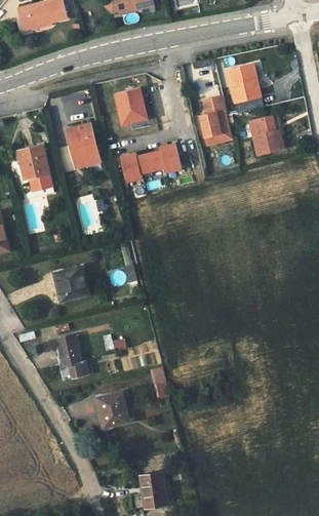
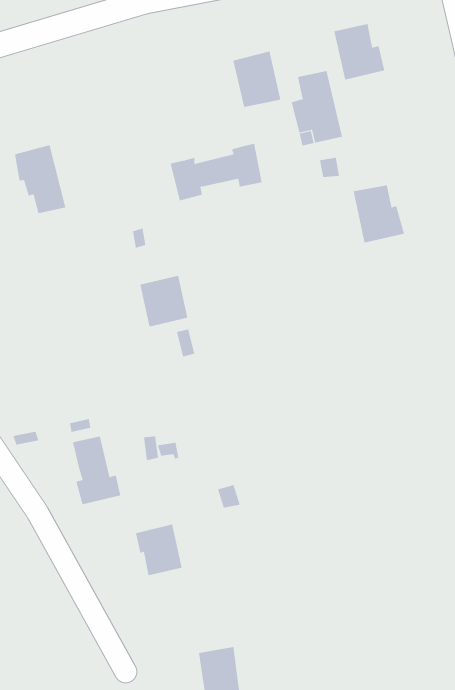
building: [115,87,147,124] -> [232,51,281,108]
building: [249,117,283,155] -> [353,185,405,243]
building: [69,124,98,166] -> none
building: [54,267,86,301] -> [139,275,188,327]

